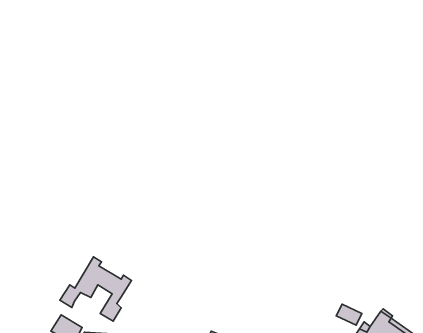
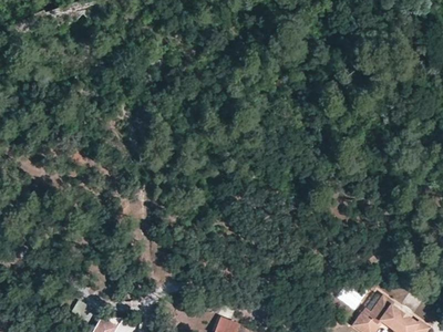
building: [60,257,131,321] -> none

